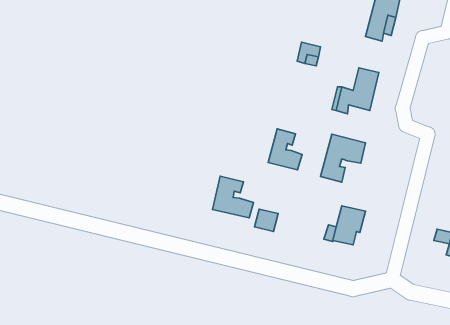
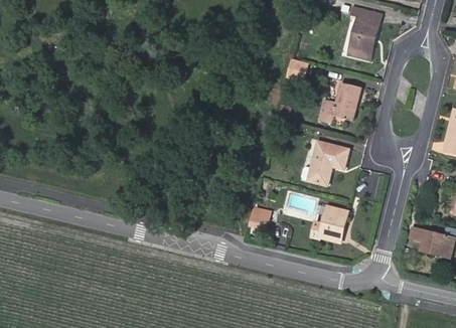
building: [268,129,302,170] -> none
building: [212,176,254,218] -> none

